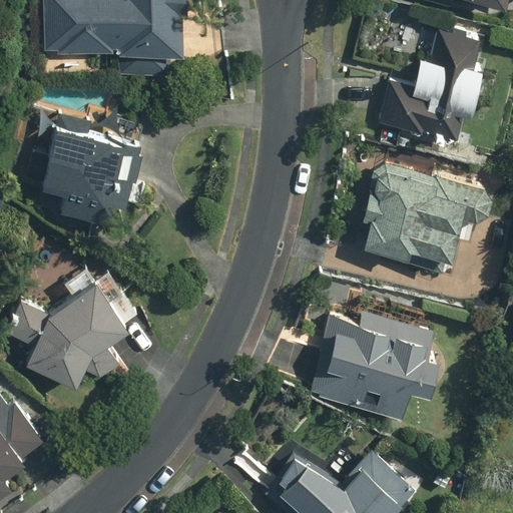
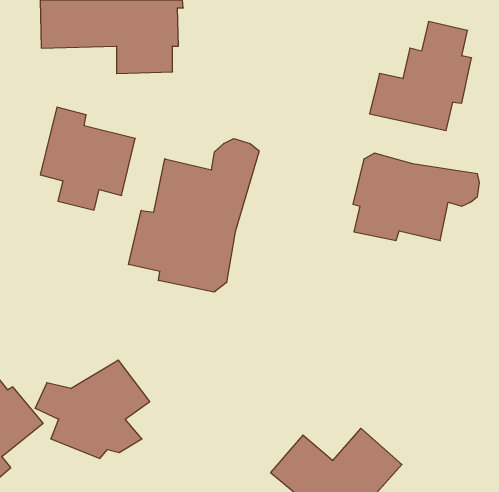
building: none -> [128,139,259,292]
building: [12,286,129,386] -> [35,360,150,458]
building: [311,312,436,417] -> none

